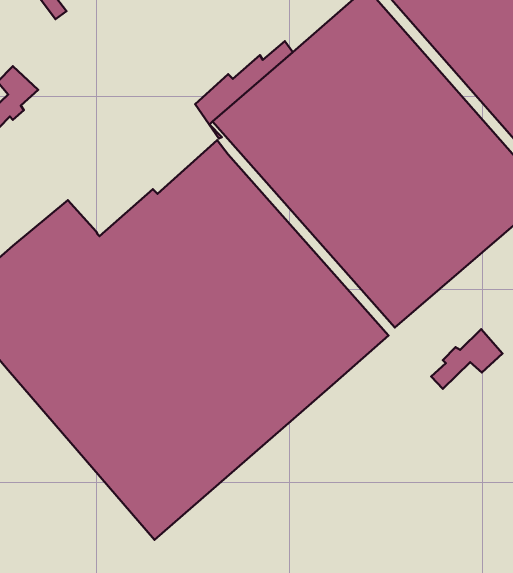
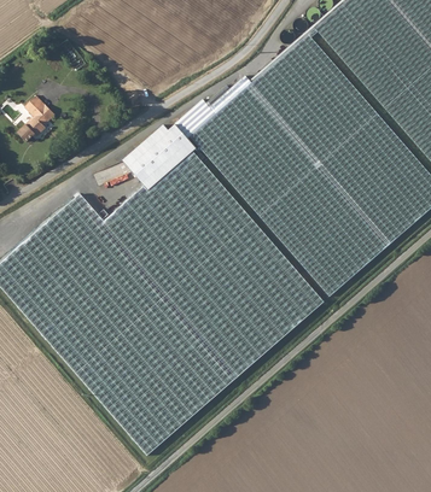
building: none -> [123,122,197,191]
building: [431,329,503,389] -> none

